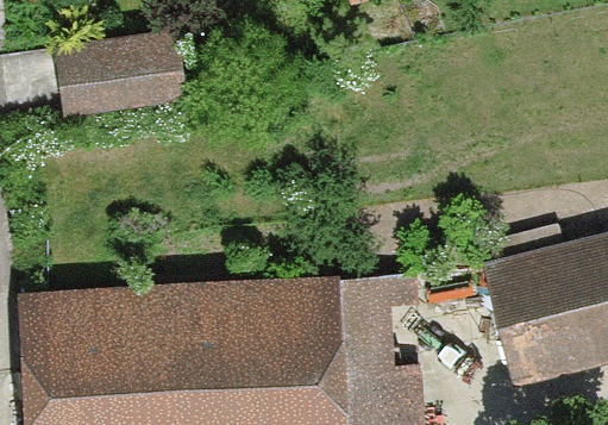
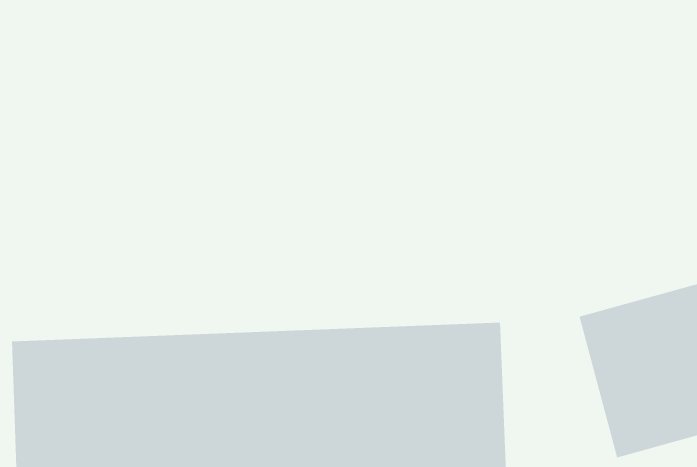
building: [55,26,190,113] -> none

